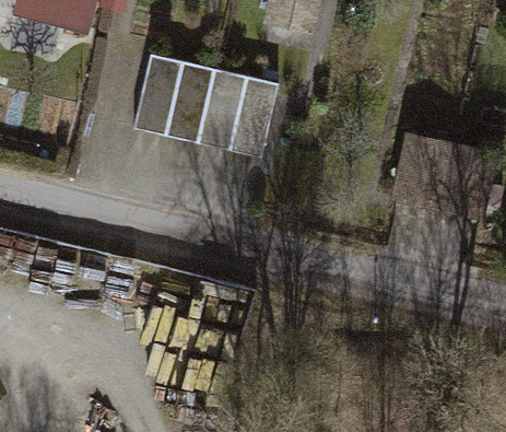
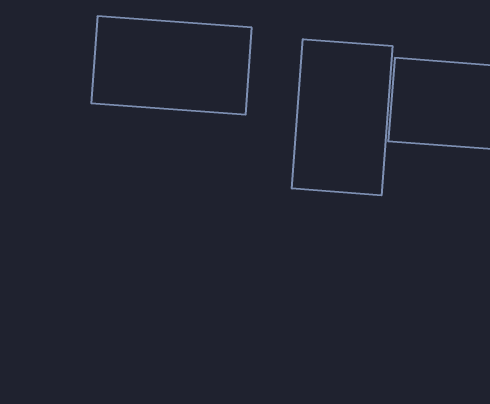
building: none -> [292,39,392,195]

